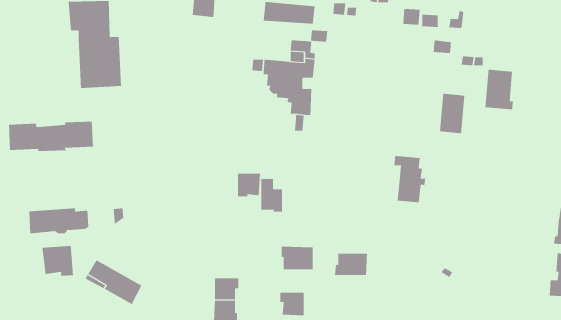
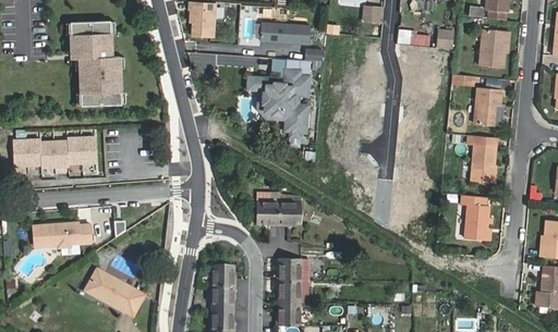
building: none -> [480,28,510,67]
building: [439,93,465,134] -> [471,144,496,183]
building: [393,156,426,203] -> [461,195,493,241]
building: [237,173,261,197] -> [279,202,302,225]
building: [42,245,73,277] -> none
building: [334,253,368,276] -> [276,281,308,303]
building: none -> [213,266,236,288]

